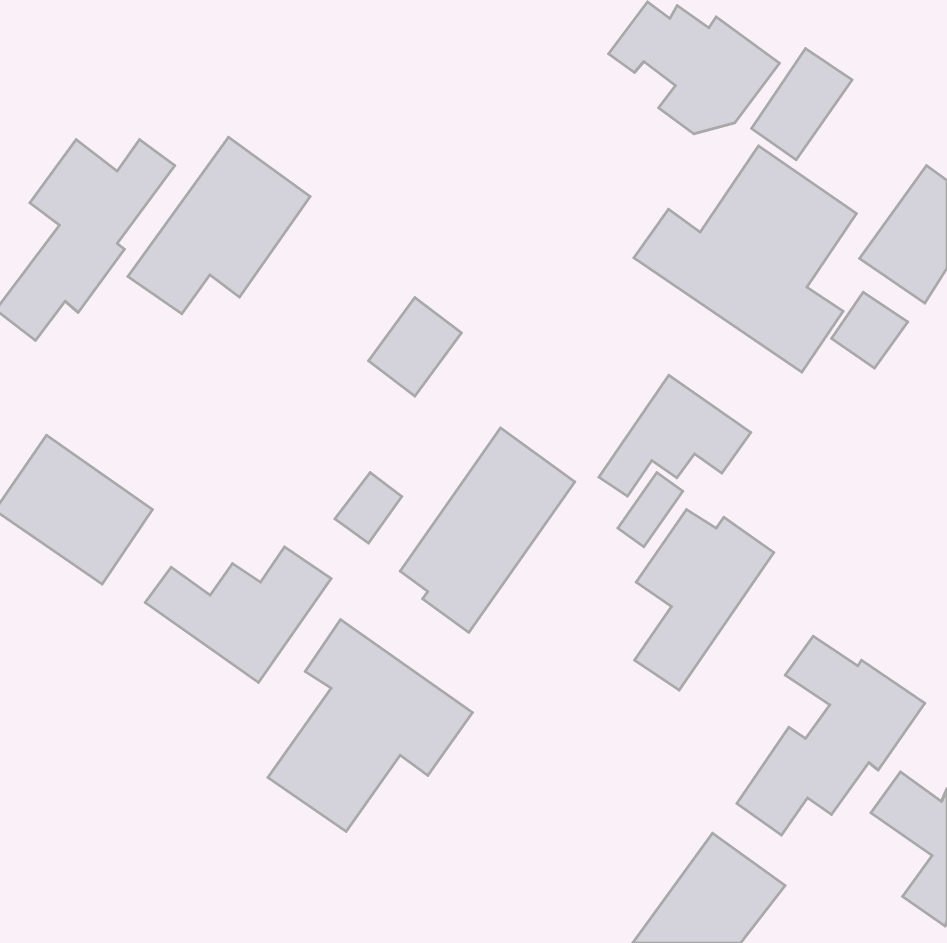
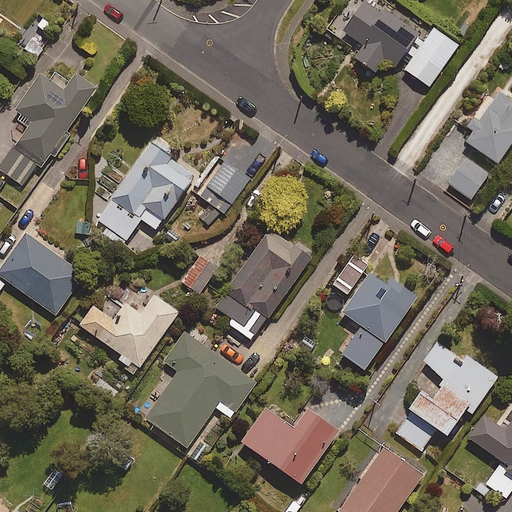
building: [128,137,310,314] -> [97,144,195,239]
building: [634,146,857,372] -> none
building: [599,375,751,496] -> none
building: none -> [242,411,338,486]

